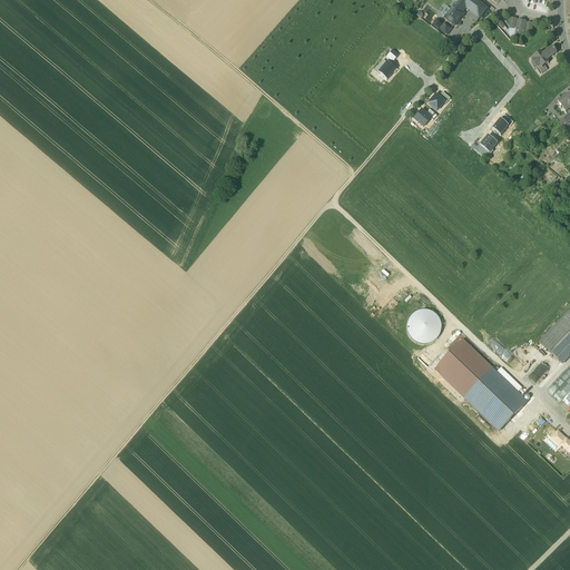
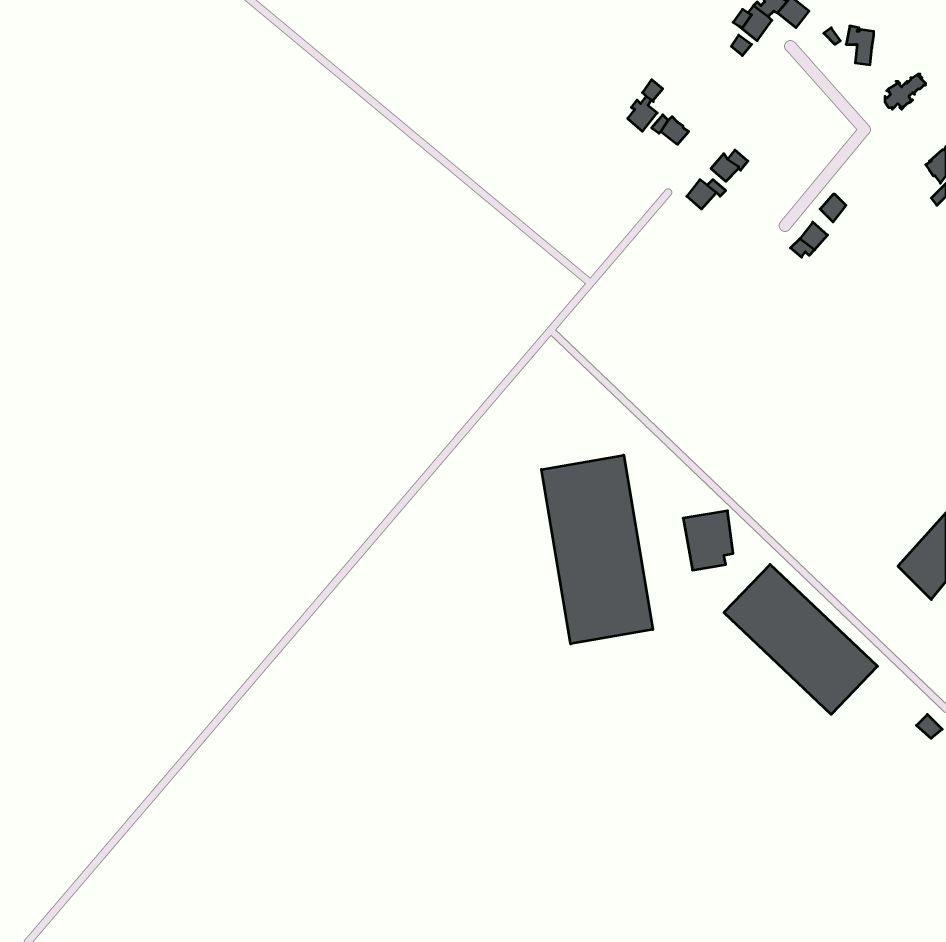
building: none -> [541,455,653,644]

